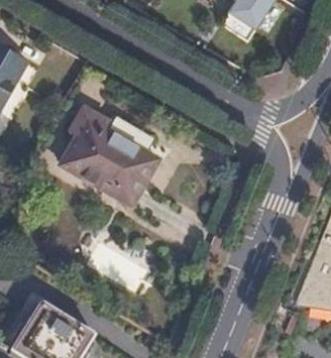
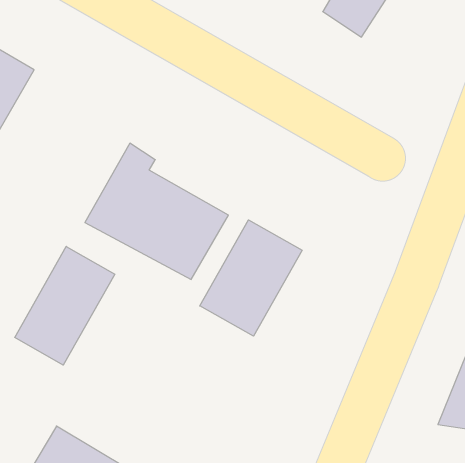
building: none -> [200,220,302,336]
building: none -> [15,246,115,365]

